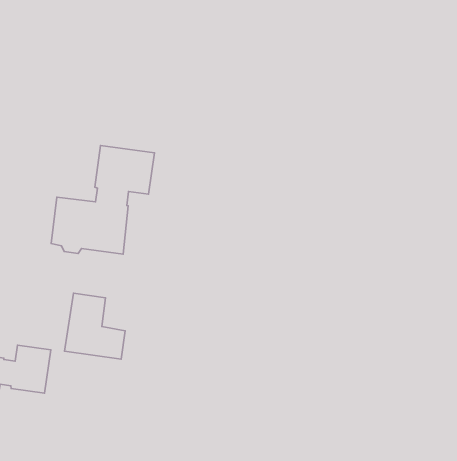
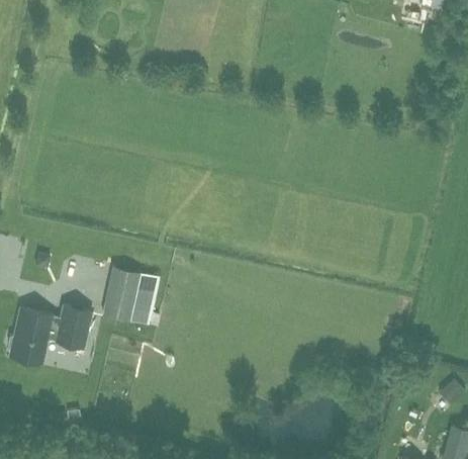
building: [51,146,154,254] -> none

